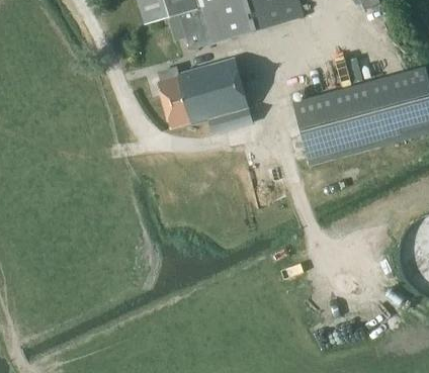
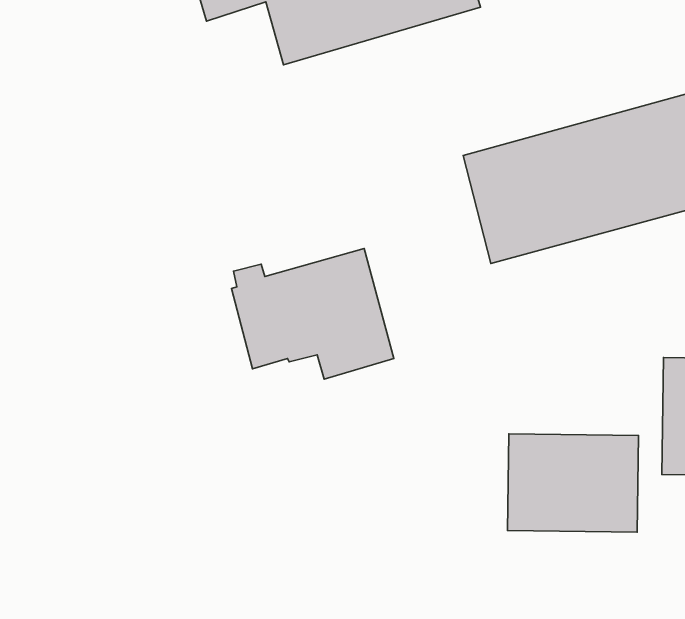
building: [158,58,252,133] -> [232,249,394,379]
building: none -> [508,434,639,532]

